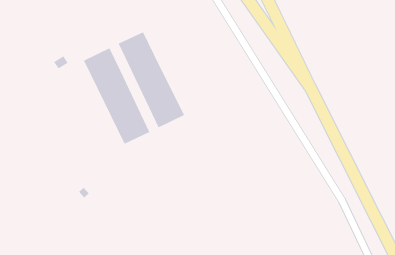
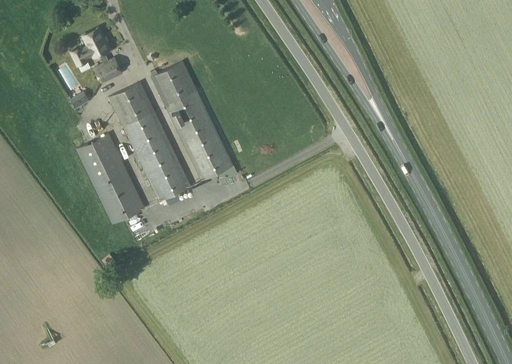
building: none -> [72,28,123,84]
building: none -> [76,134,145,224]

